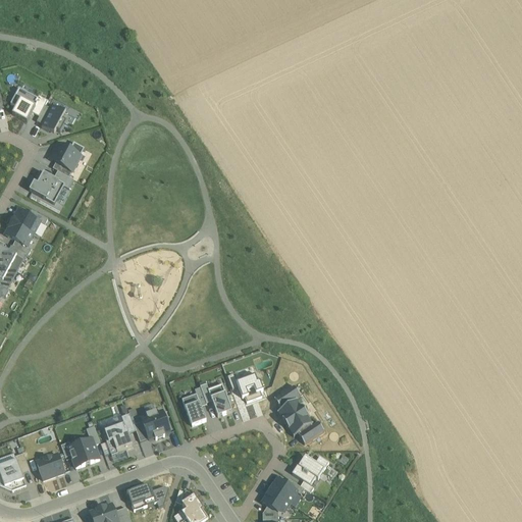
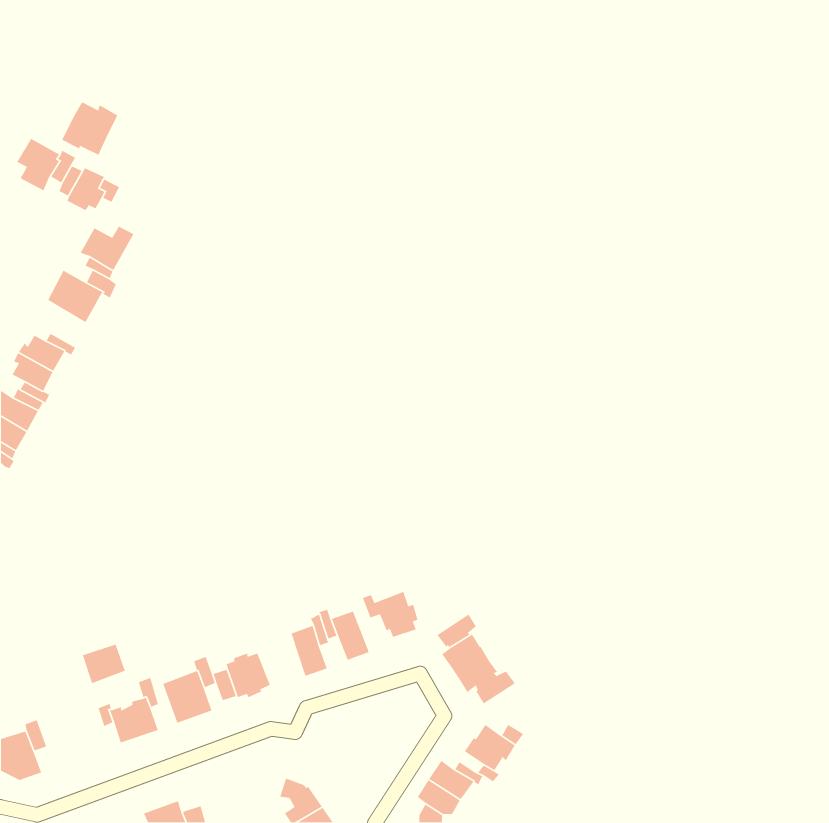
building: none -> [61,101,118,156]
building: [37,454,64,479] -> [82,643,126,684]
building: [126,482,168,510] -> none

